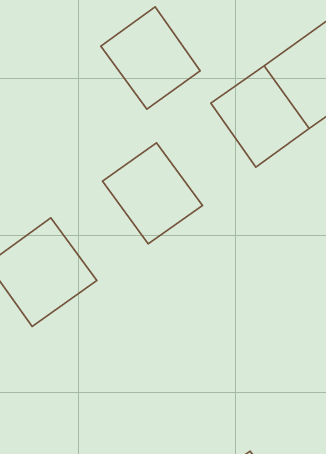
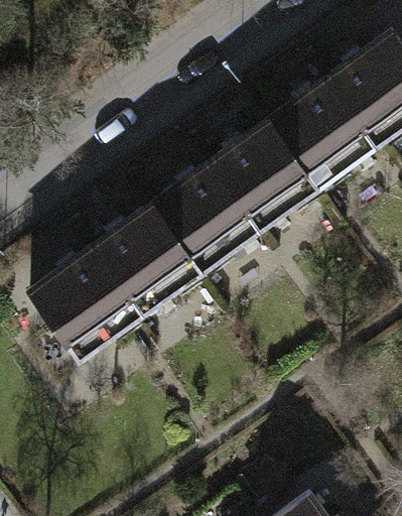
building: [101,7,200,109] -> [212,121,318,231]
building: none -> [98,205,203,311]

